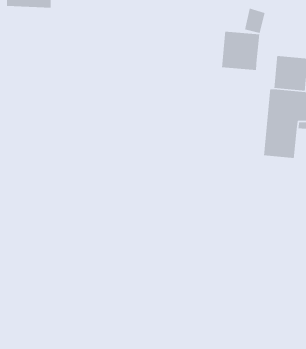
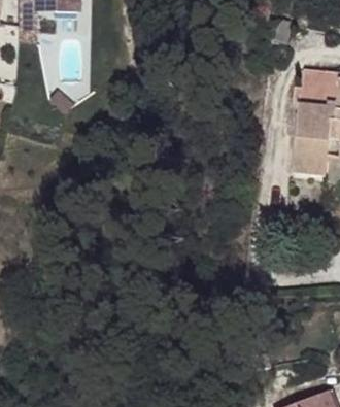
building: [221,31,260,71] -> none

